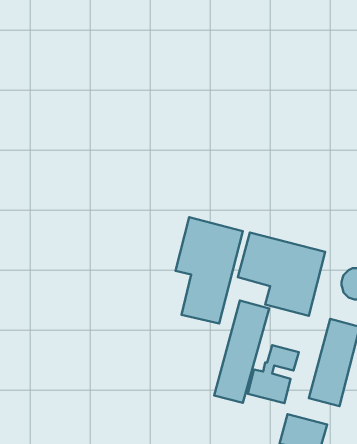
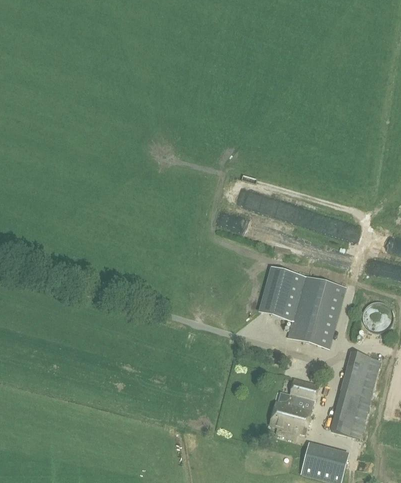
building: [176,217,243,324] -> none
building: [214,300,269,403] -> none

